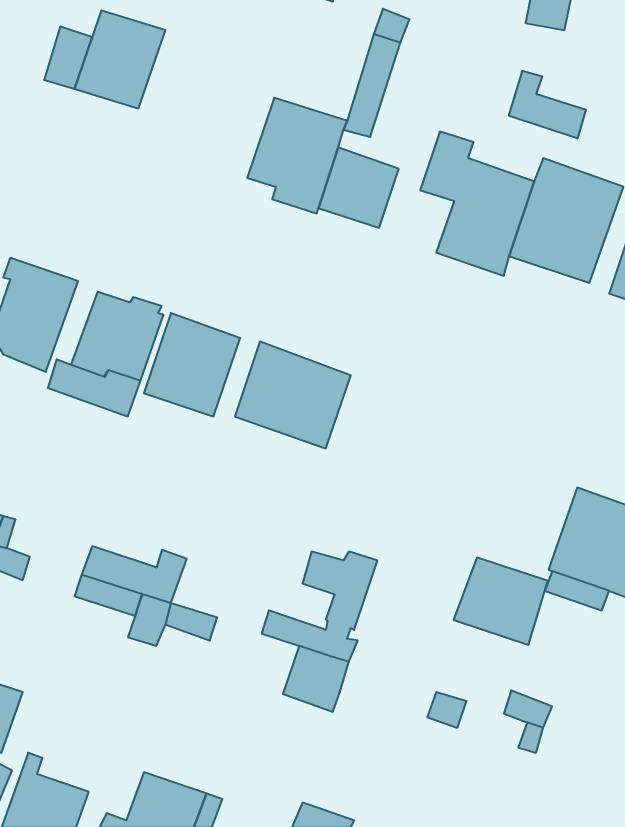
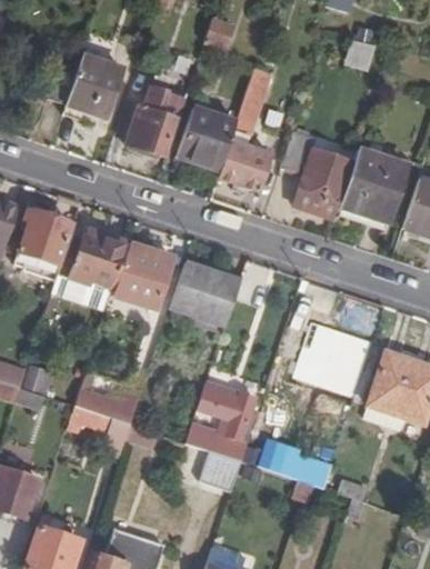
building: none -> [130,87,189,159]
building: [509,71,586,139] -> none
building: [454,558,548,645] -> [301,325,360,379]

